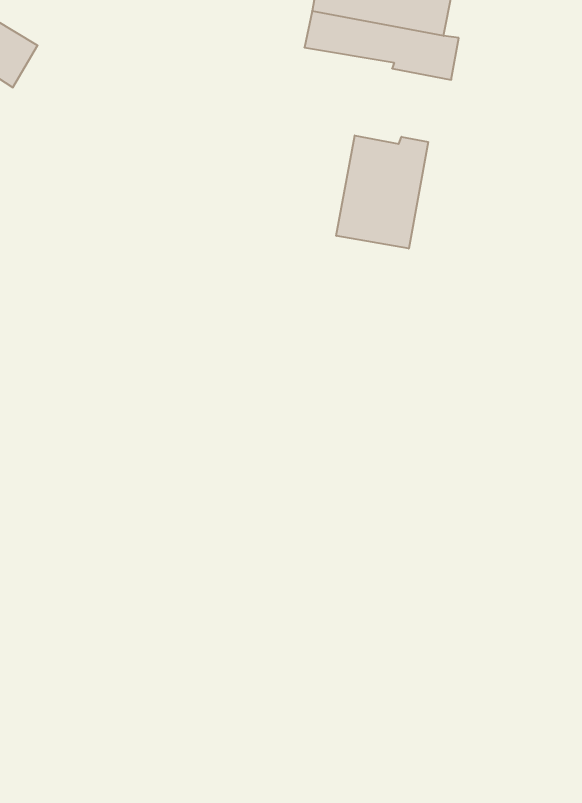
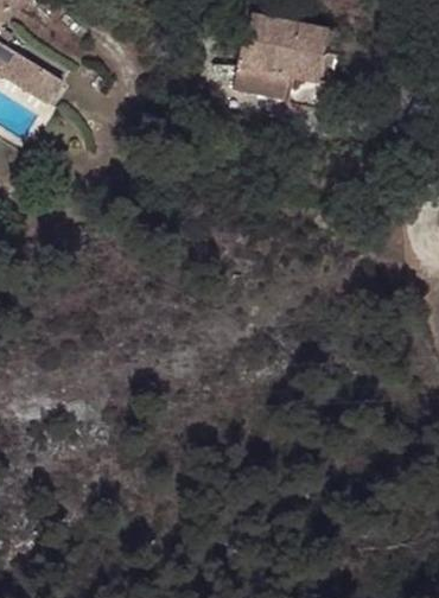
building: [336,135,428,249] -> none

